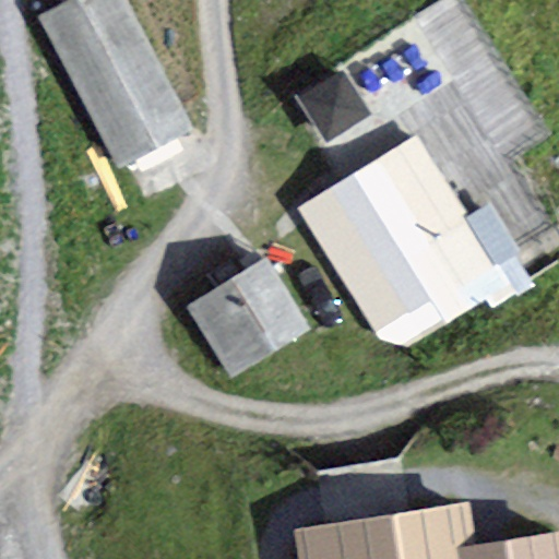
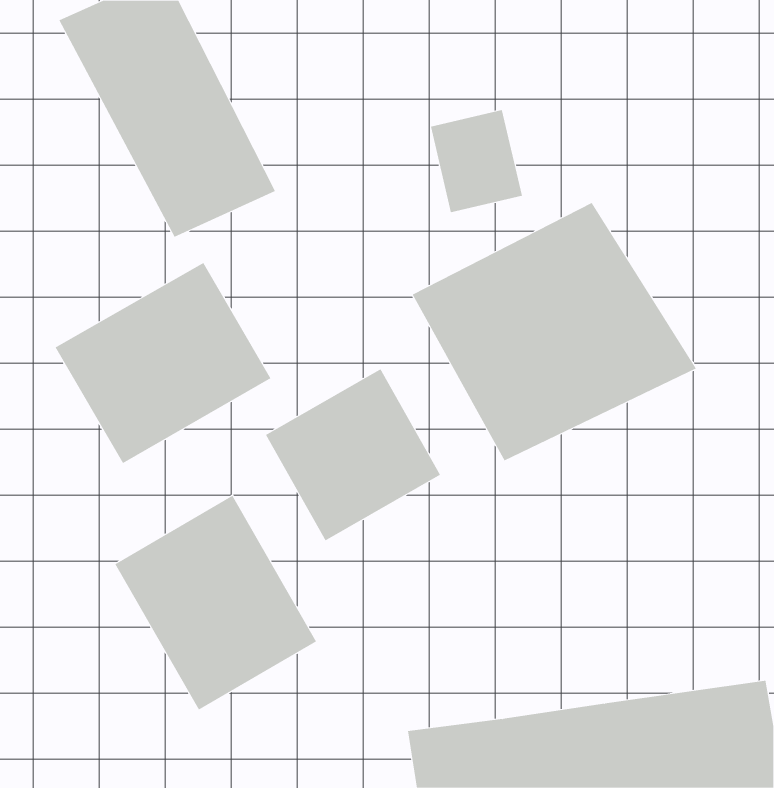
building: none -> [55,262,271,464]
building: none -> [115,495,317,711]

